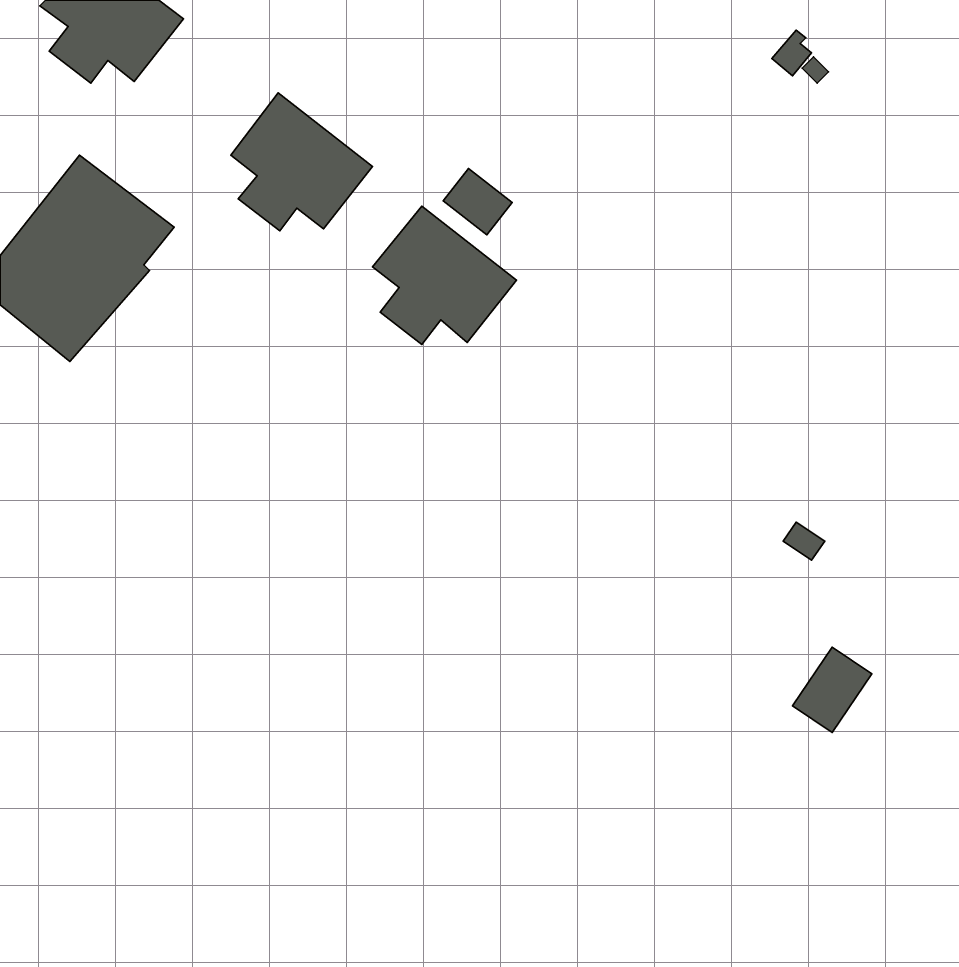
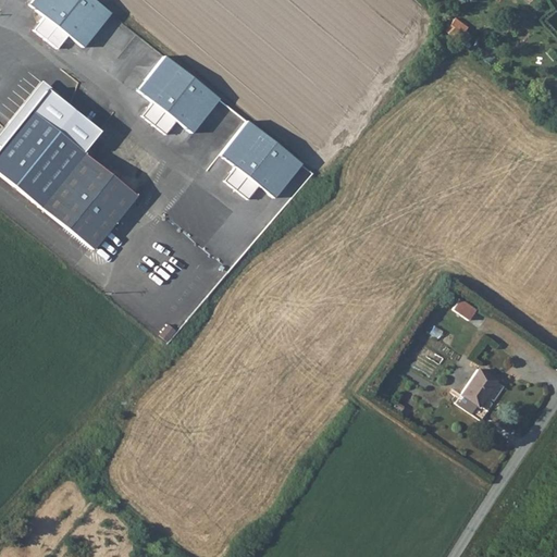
building: [443,168,512,235] -> none
building: none -> [45,156,137,248]

